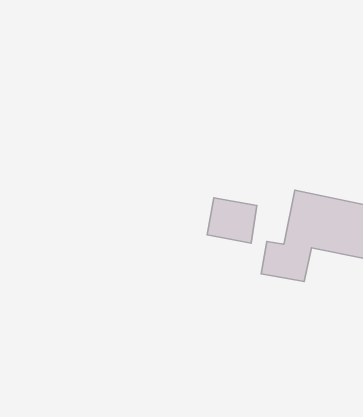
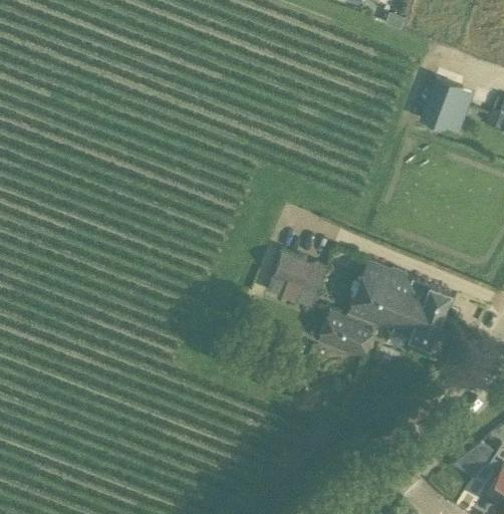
building: none -> [421,77,464,131]

